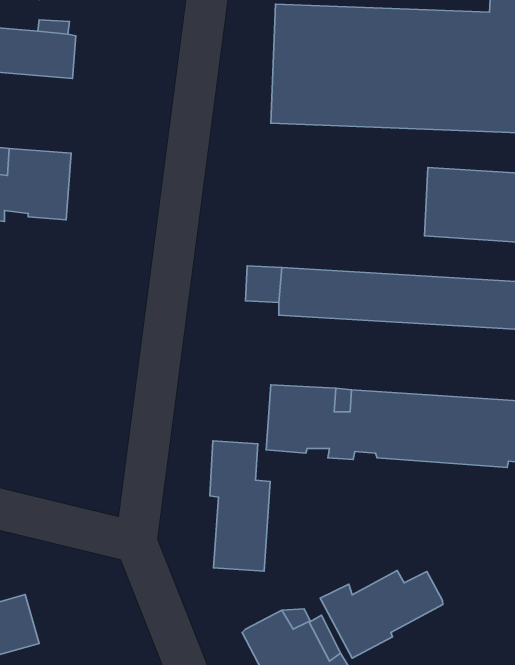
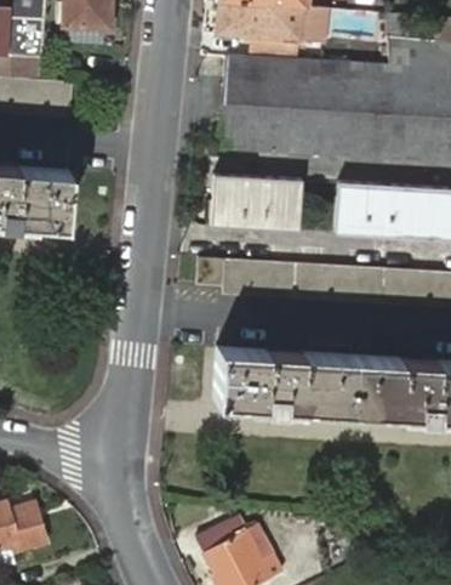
building: none -> [213,174,303,233]
building: [210,441,270,571] -> none
building: [320,571,443,658] -> none

